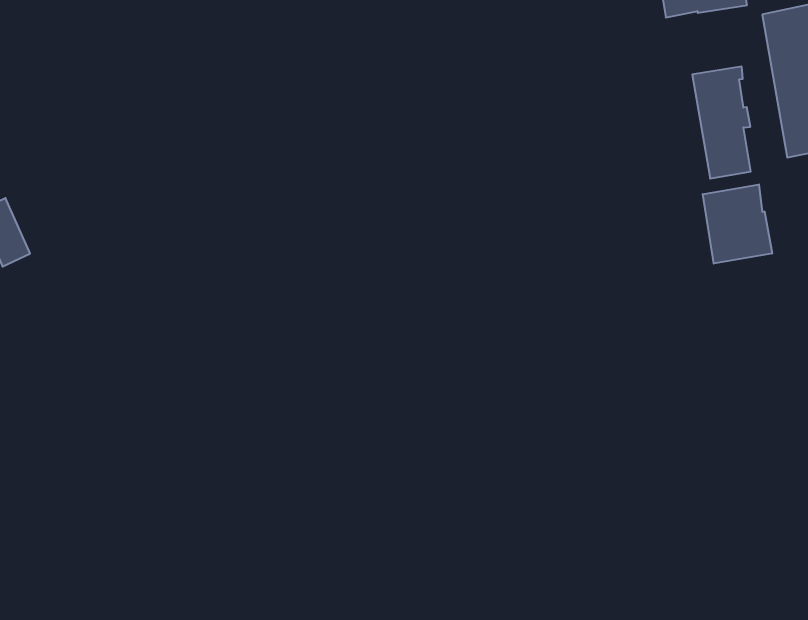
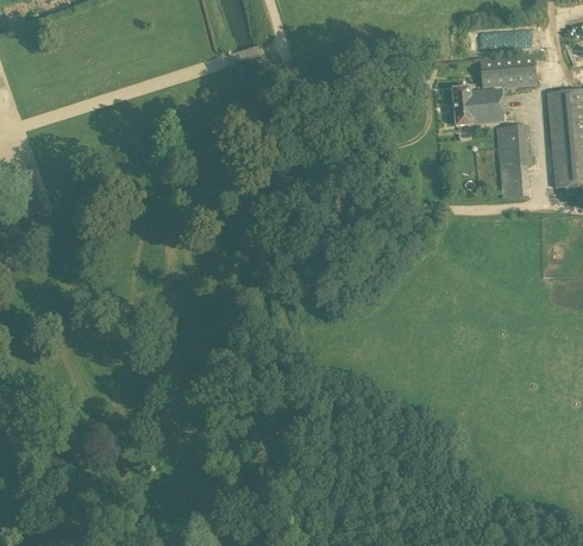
building: none -> [452,86,504,125]
building: [703,184,772,264] -> none

